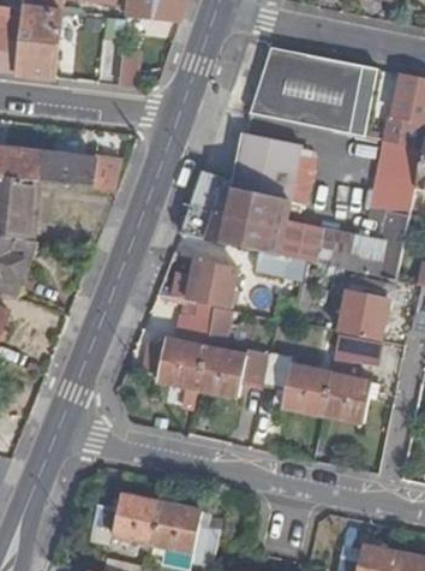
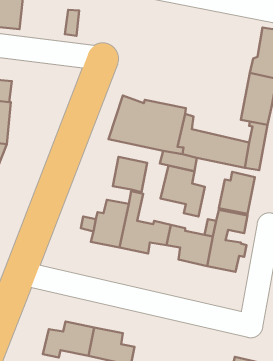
building: [255,47,373,135] -> none
building: [232,130,300,189] -> none
building: [38,150,118,188] -> none
building: none -> [161,165,205,216]

